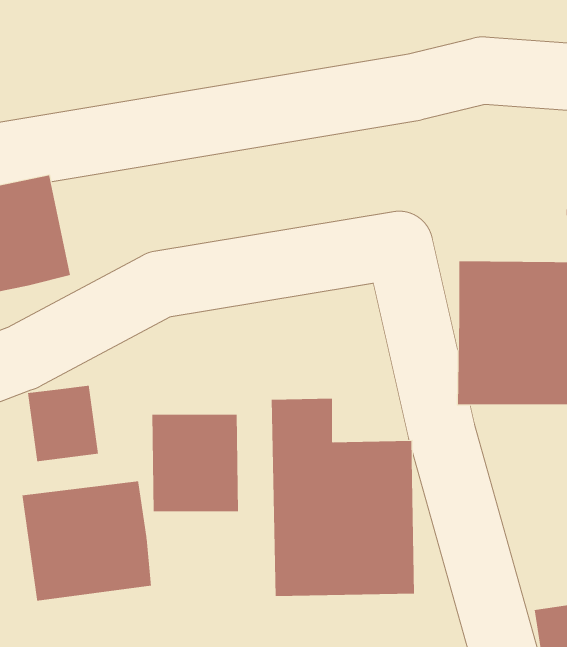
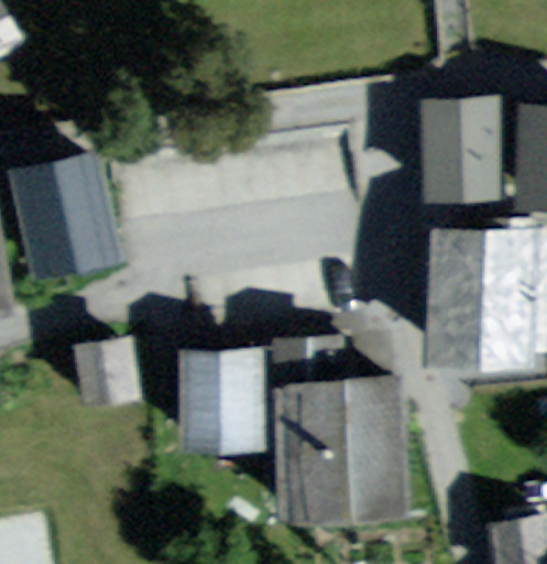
building: none -> [428,101,503,193]
building: [22,480,152,602] -> none

